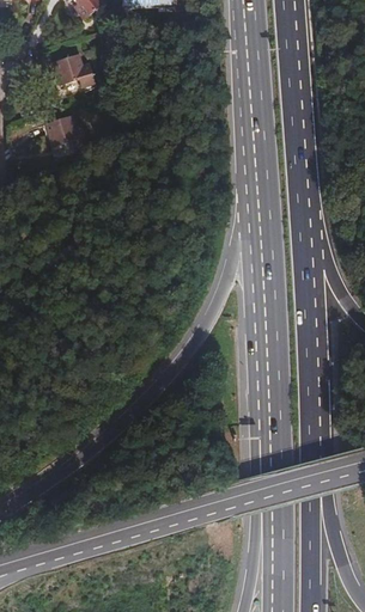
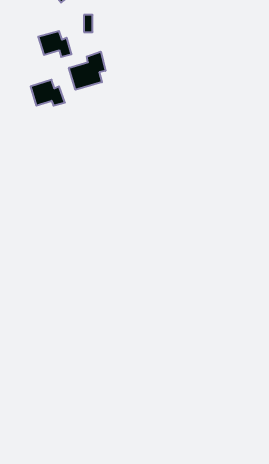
building: none -> [69,52,105,90]

